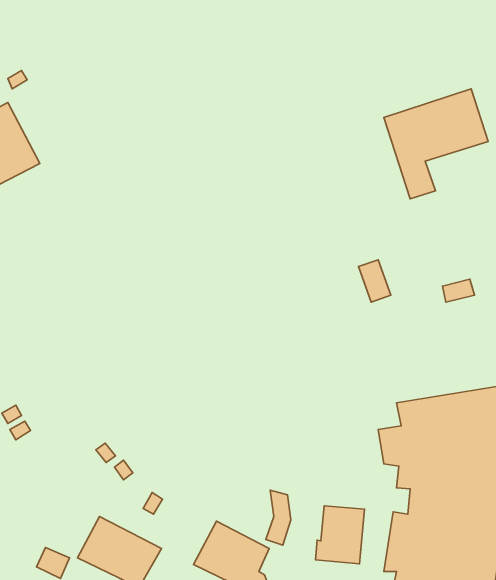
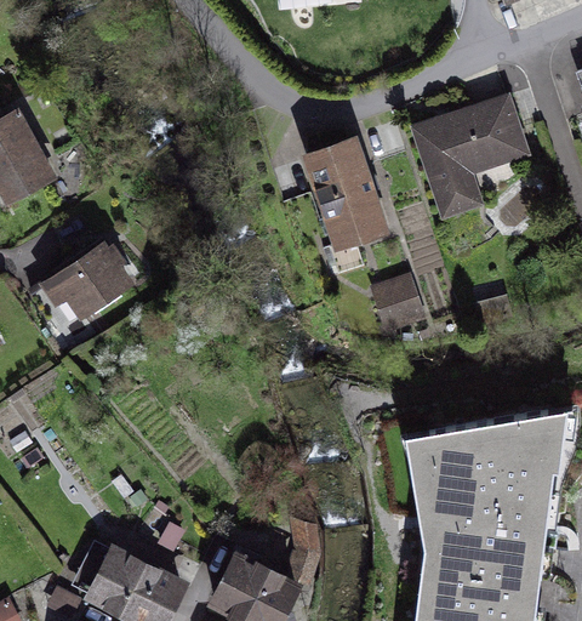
building: none -> [307,139,384,245]
building: none -> [30,245,133,330]
building: [315,506,365,564] -> none

